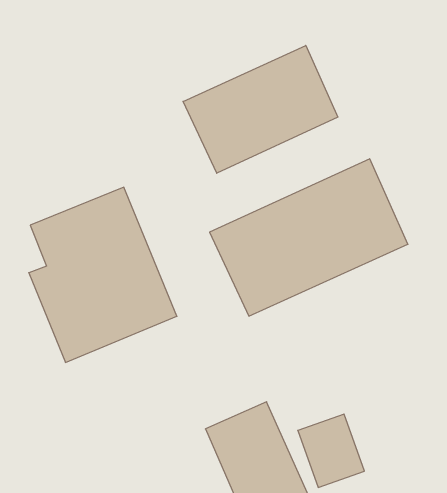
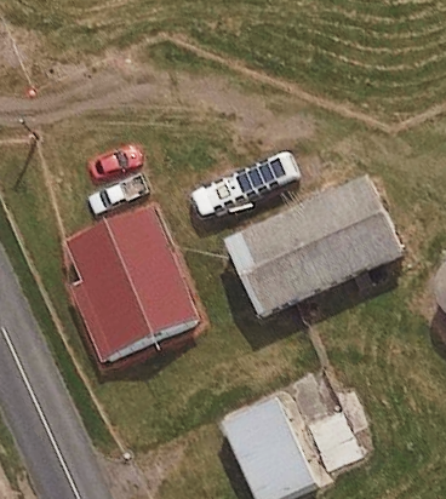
building: [183,45,338,173] -> none

